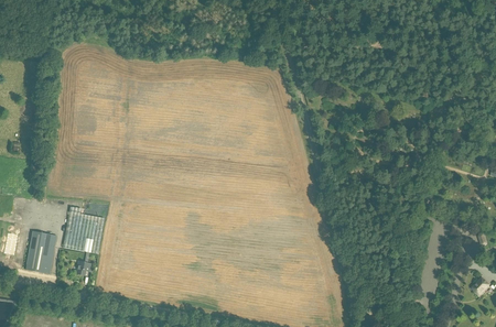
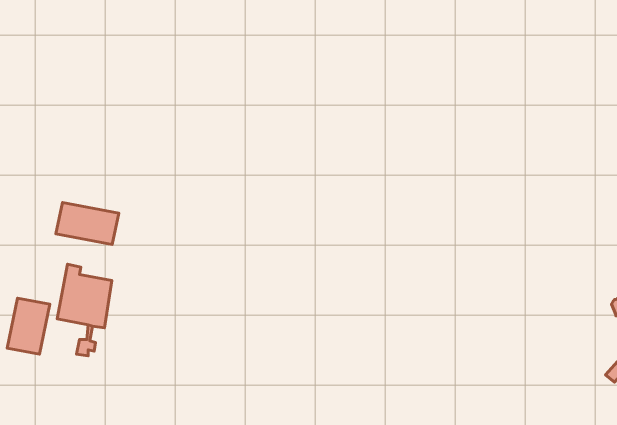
building: none -> [56,203,119,245]

